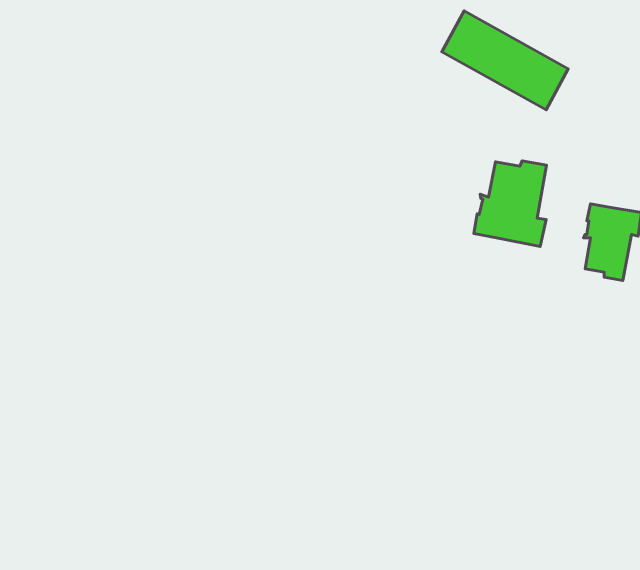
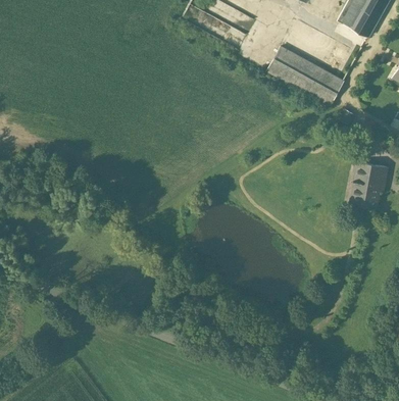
building: [474,161,547,247] -> none

